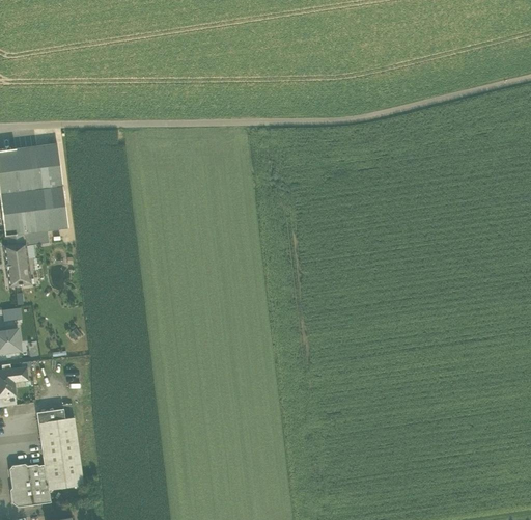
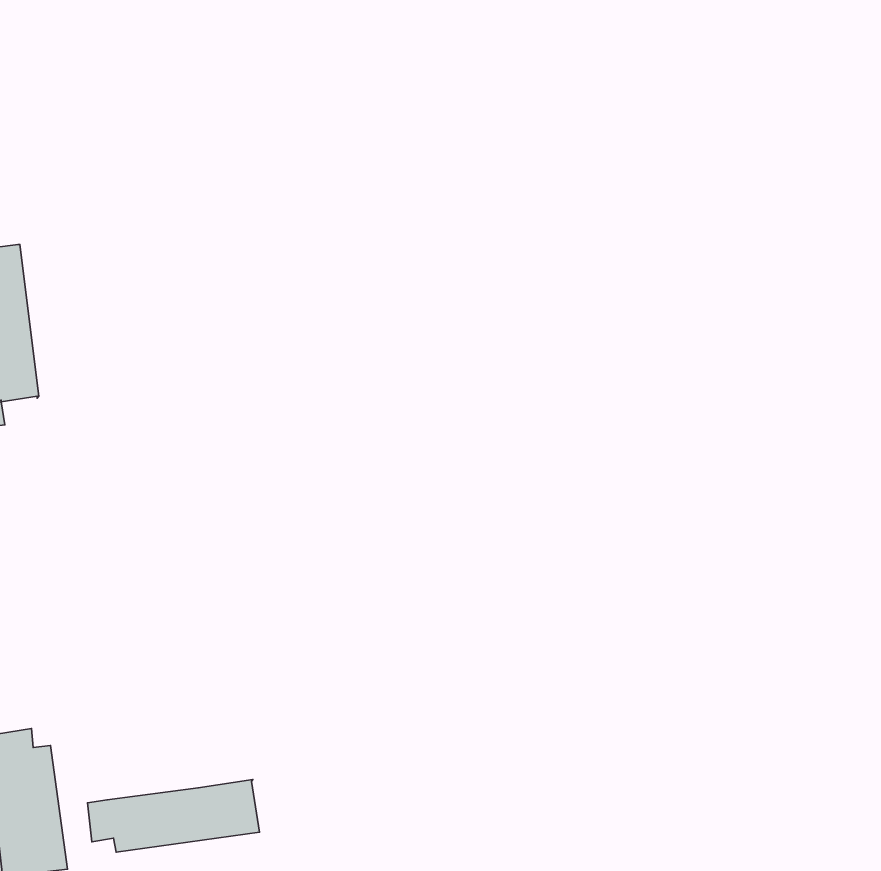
building: none -> [88,779,260,852]

